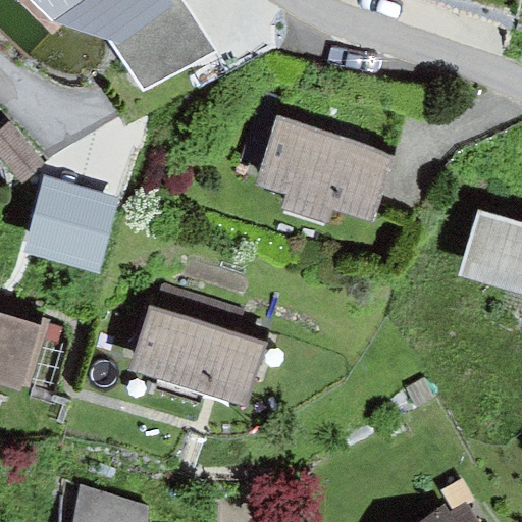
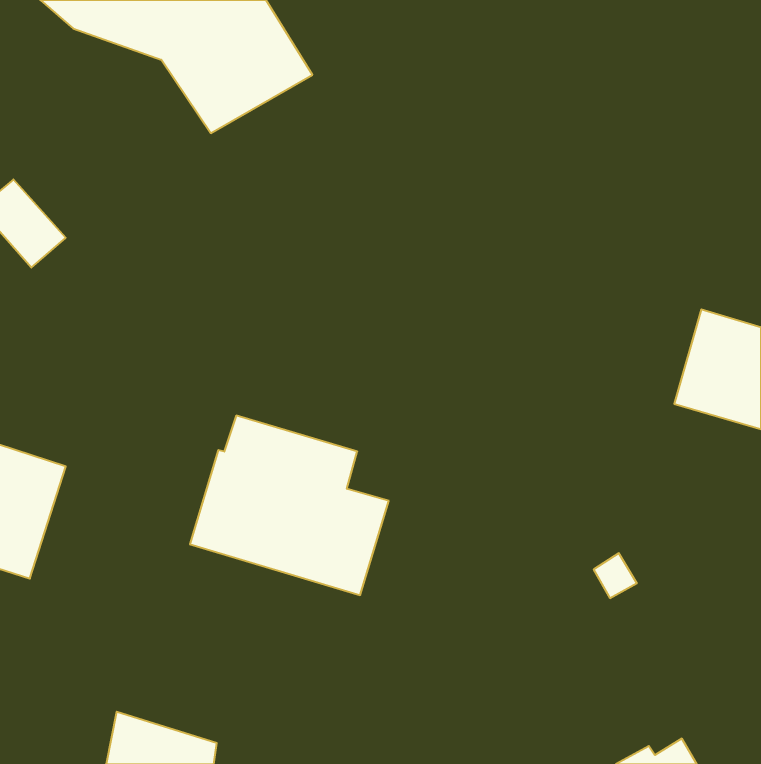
building: [255,116,394,224] -> none
building: [24,180,118,274] -> none

